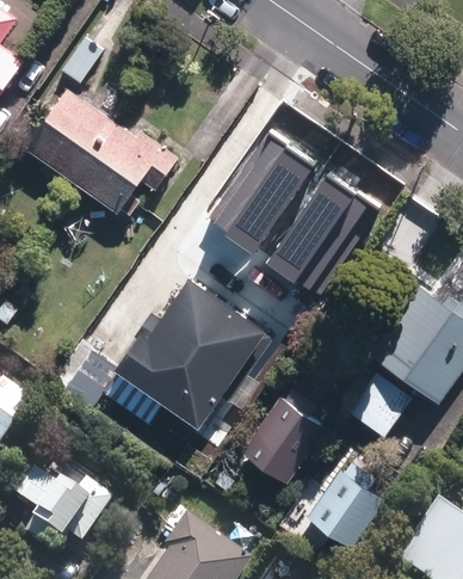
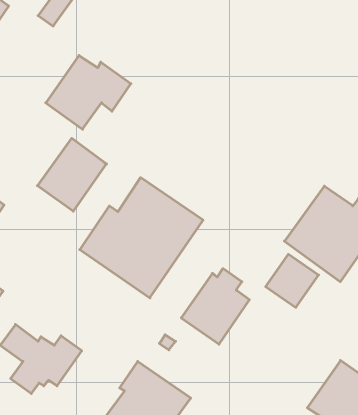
building: [24,90,111,181] -> [37,138,107,211]
building: [196,137,307,260] -> none
building: [255,177,375,307] -> none
building: [305,463,387,550] -> none

